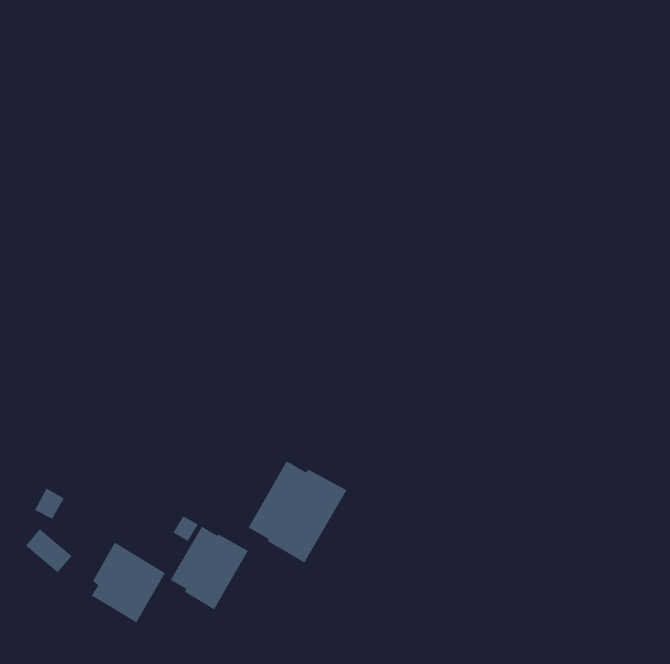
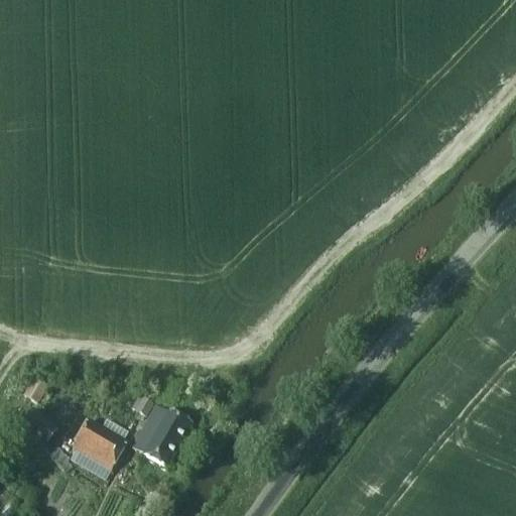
building: [248,460,347,563] -> none

